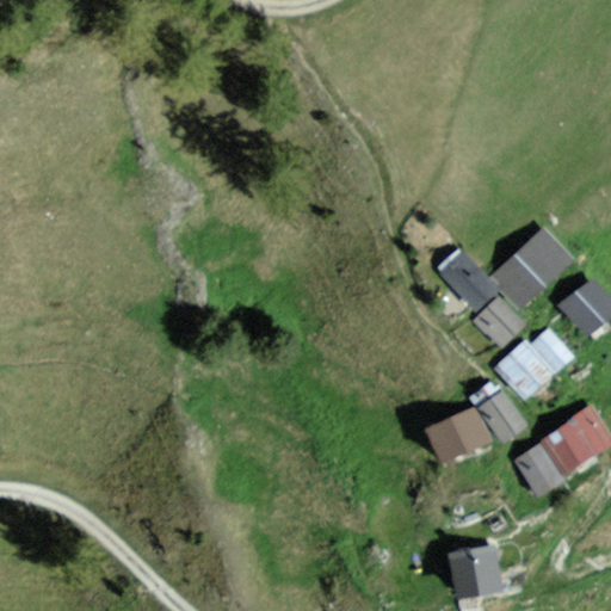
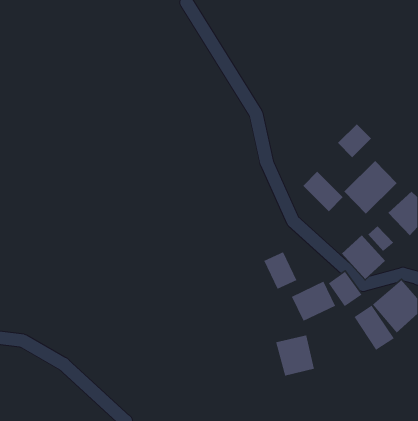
building: none -> [337,123,372,158]
building: [471,291,525,345] -> none
building: none -> [263,251,297,290]
building: [446,537,504,598] -> [275,334,315,377]

